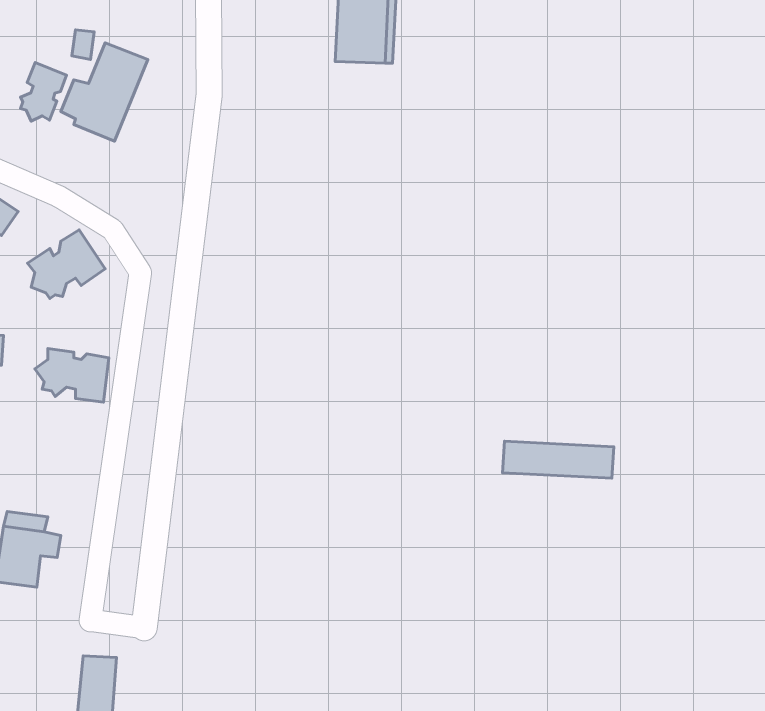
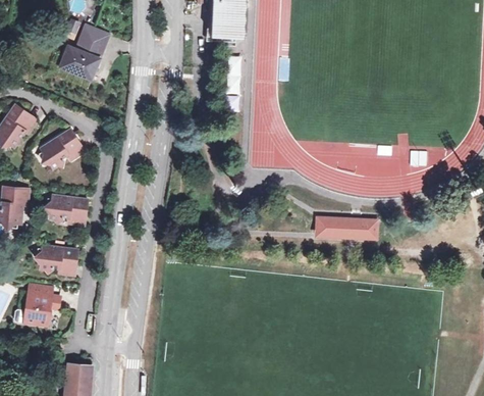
building: [21,62,66,121] -> none
building: none -> [36,245,77,275]
building: [502,441,614,478] -> [314,216,375,237]

